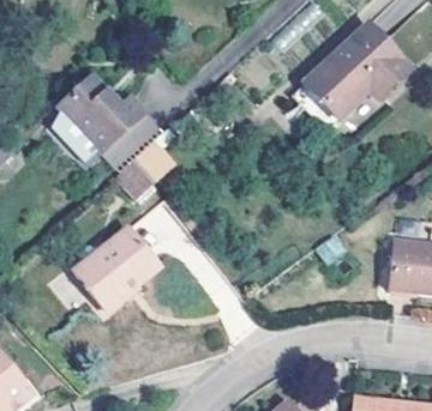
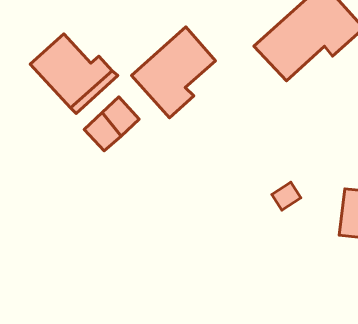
building: none -> [132,27,215,118]
building: [77,228,160,308] -> none

